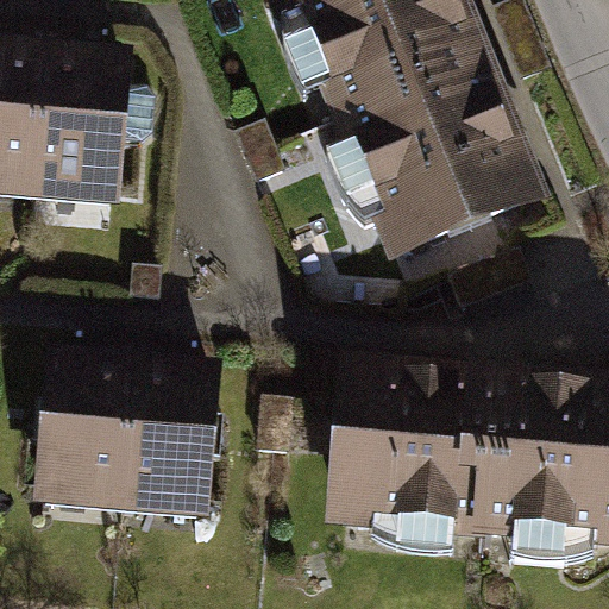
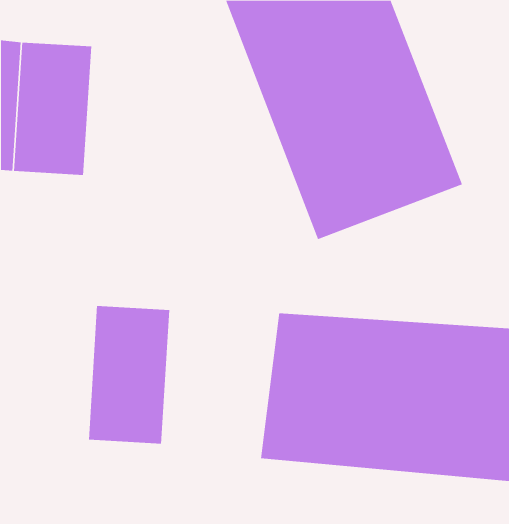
building: [43,350,128,510] -> none

